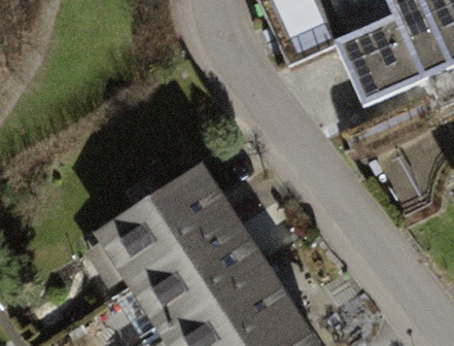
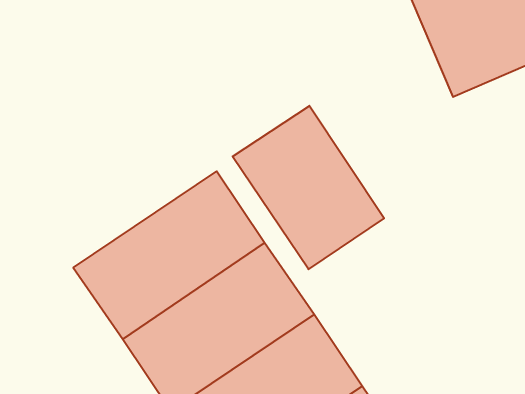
building: none -> [233,106,384,269]

